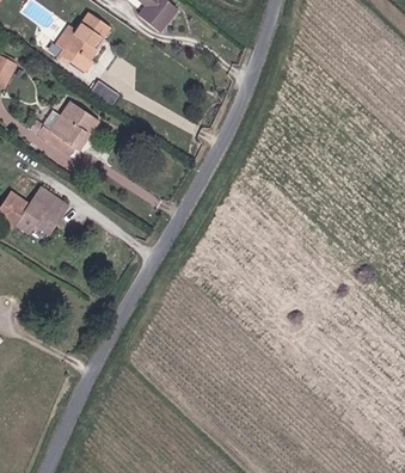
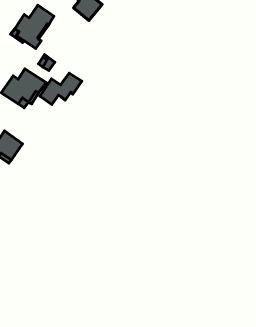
building: none -> [40,73,82,105]

